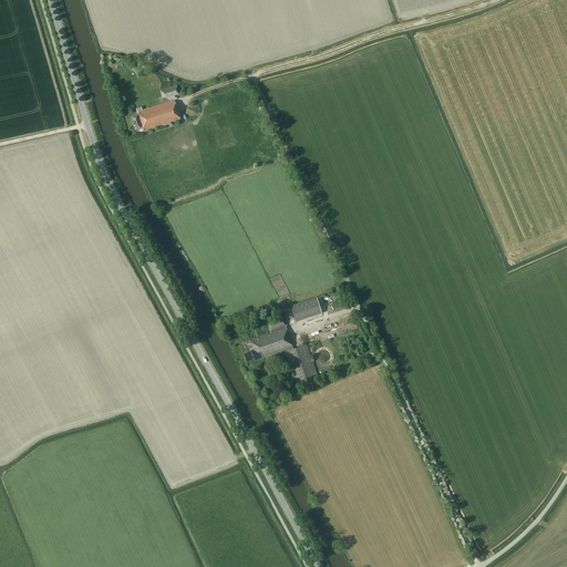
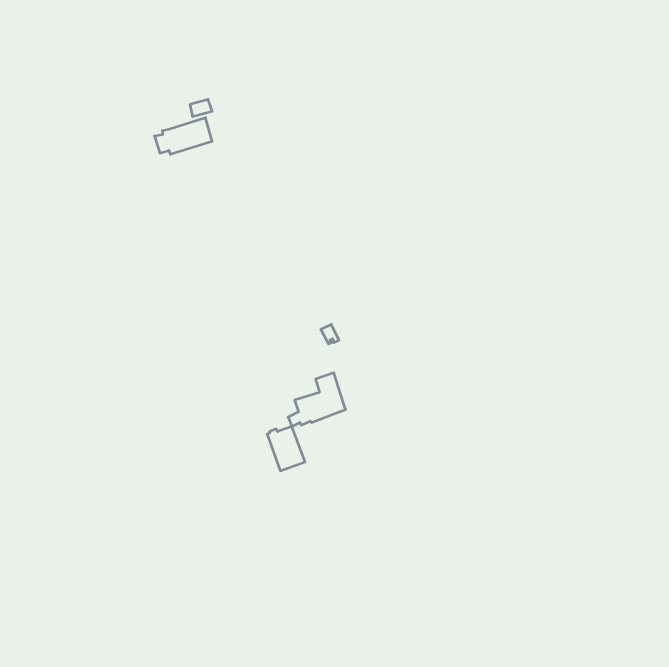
building: [290,296,322,321] -> none
building: [285,344,317,382] -> [267,426,305,471]

